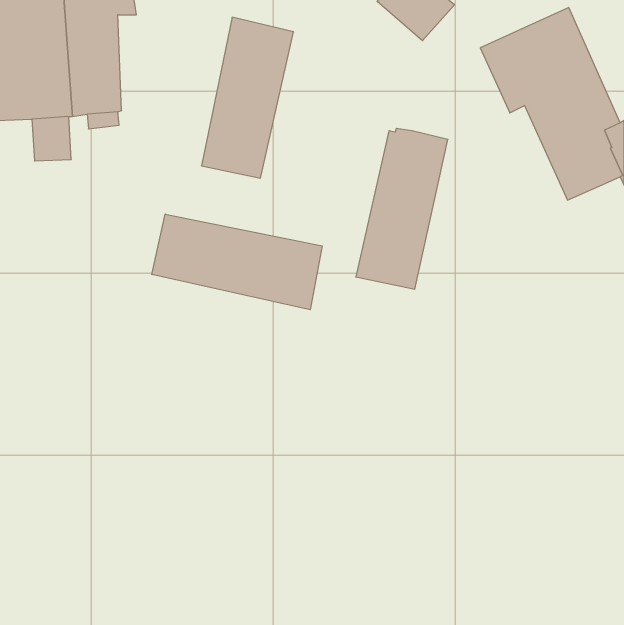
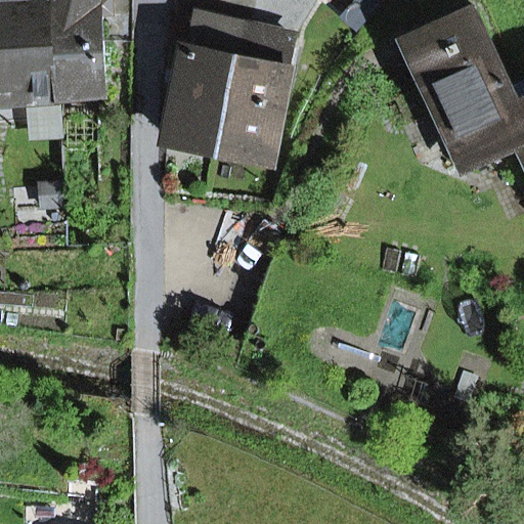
building: [356,128,448,289] -> [217,25,294,159]
building: [152,214,322,310] -> none

